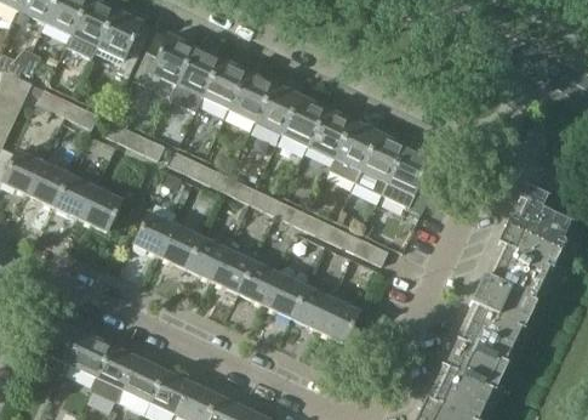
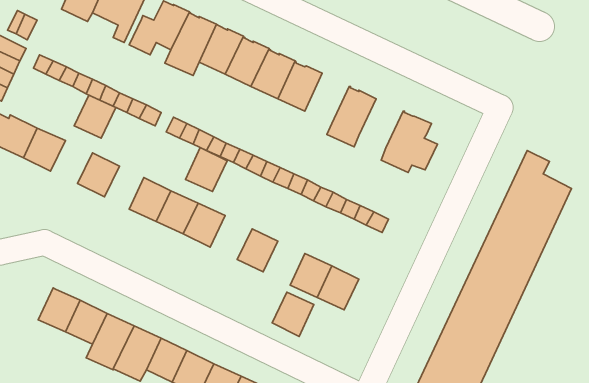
building: [307,108,350,158] -> none
building: [355,134,404,194] -> none
building: [56,175,97,217] -> [74,95,116,138]
building: [213,249,255,293] -> [185,147,227,192]
building: [266,274,307,318] -> [272,292,314,336]

